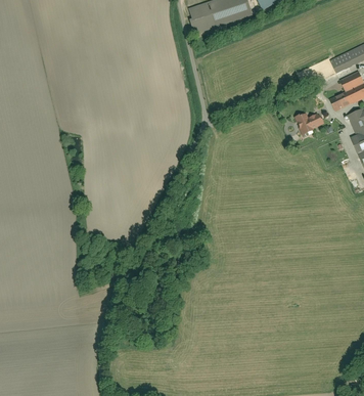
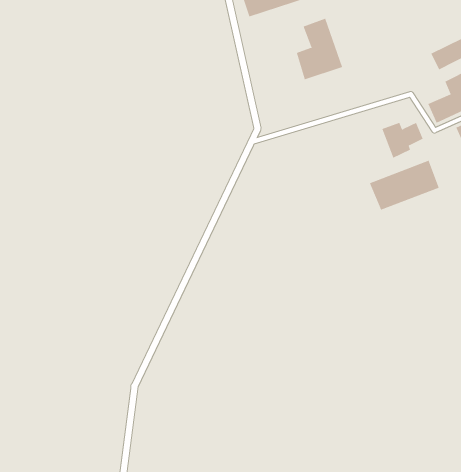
building: none -> [296,18,343,80]
building: none -> [369,160,440,210]

